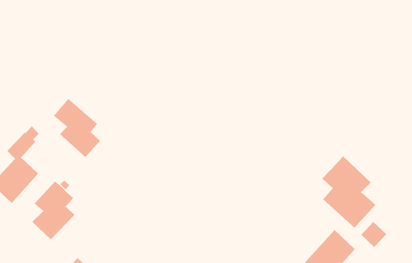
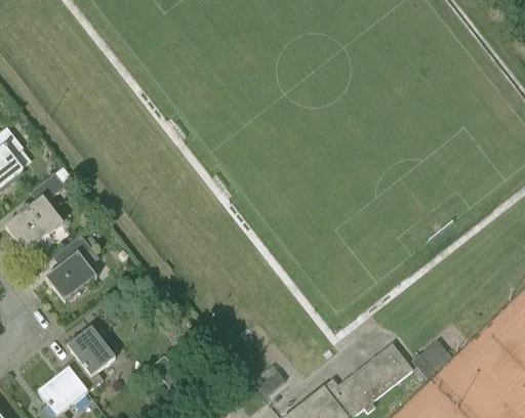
building: [53,98,101,158] -> none
building: [322,155,376,229] -> none

